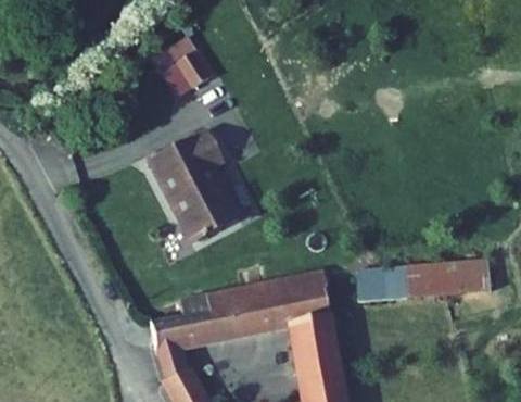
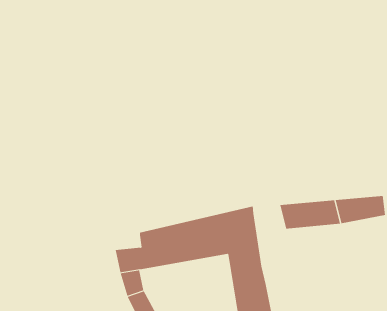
building: [152,38,215,102] -> none
building: [148,134,241,248] -> none

